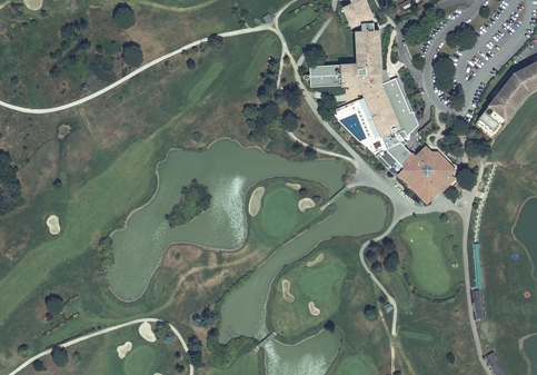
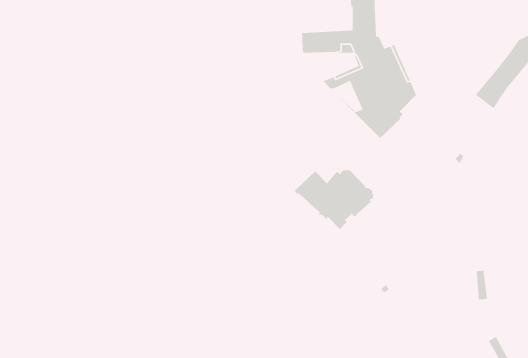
building: [384,146,459,203] -> [294,169,374,230]

